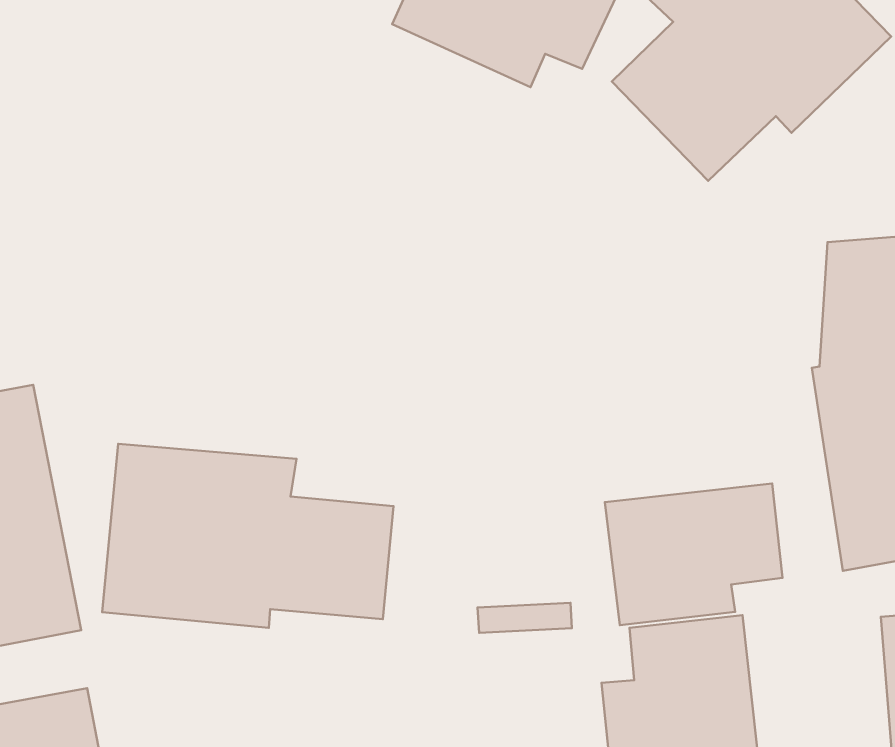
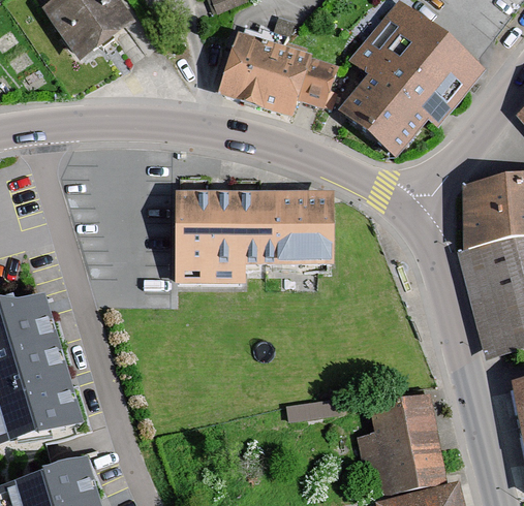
building: none -> [179,189,336,279]
building: [102,444,394,628] -> none
building: [605,483,783,625] -> none

